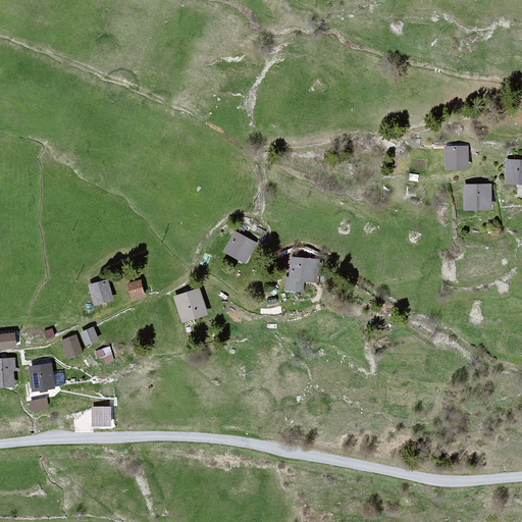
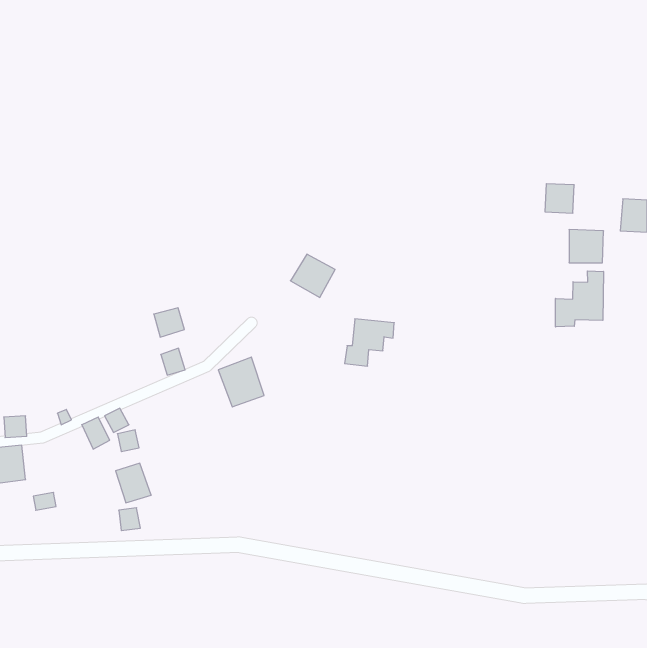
building: none -> [556,271,603,327]
building: [215,230,251,265] -> [290,254,335,297]
building: [91,279,115,303] -> [154,308,184,337]
building: [36,360,64,392] -> [116,463,151,503]

